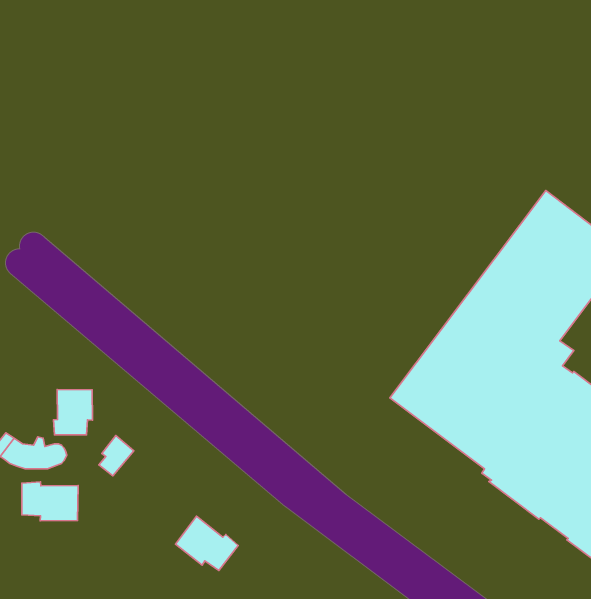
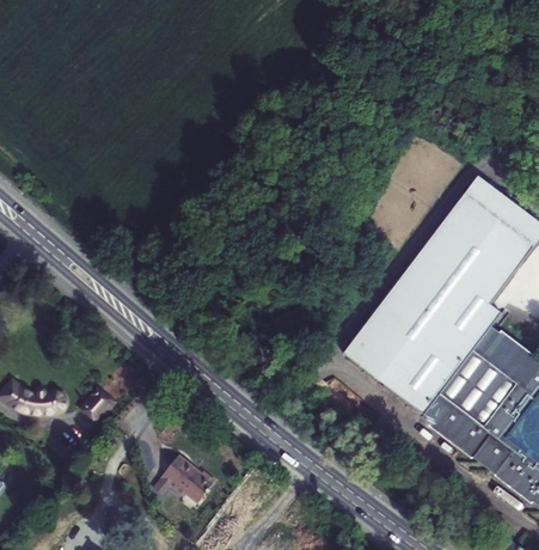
building: [53,389,92,435] -> none
building: [22,482,78,521] -> none

